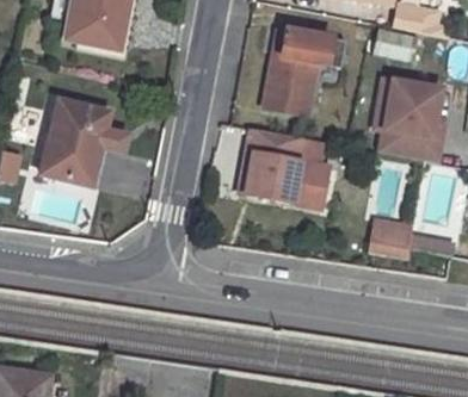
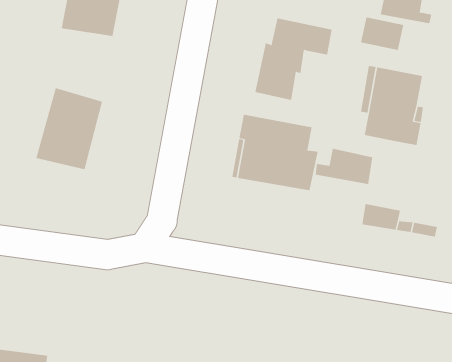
building: none -> [315,148,373,185]

